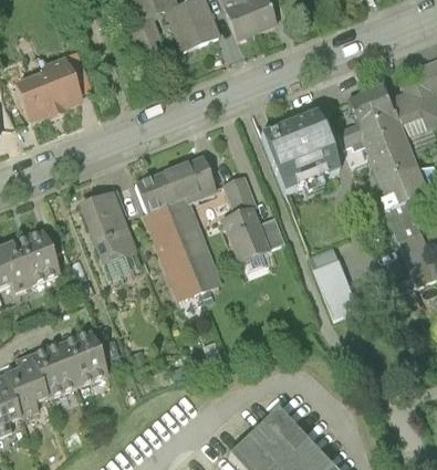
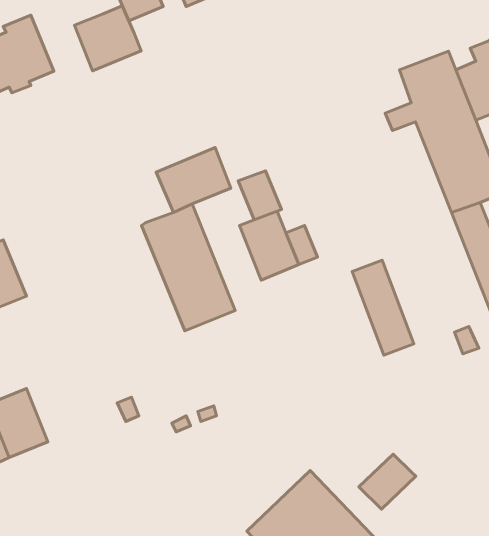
building: none -> [75,6,141,71]
building: [260,113,329,185] -> none
building: [139,177,173,216] -> none
building: [82,190,146,281] -> none
building: [60,331,106,384] -> none
building: none -> [359,454,416,509]

